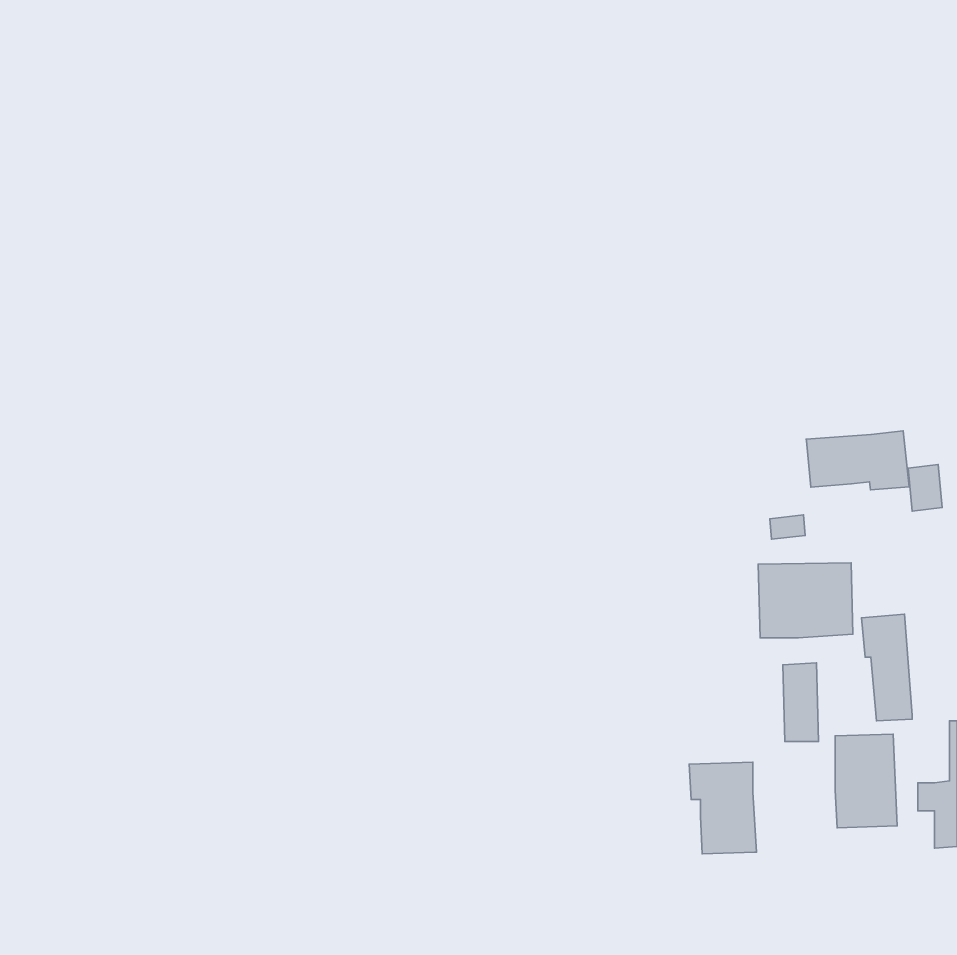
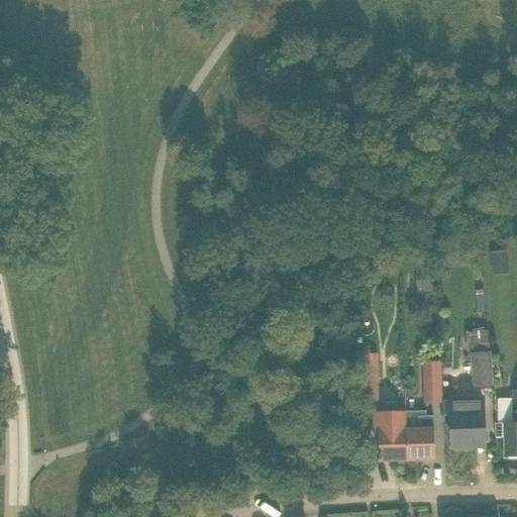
building: [806,431,909,490] -> none
building: [758,563,853,638] -> none
building: none -> [406,415,434,459]

